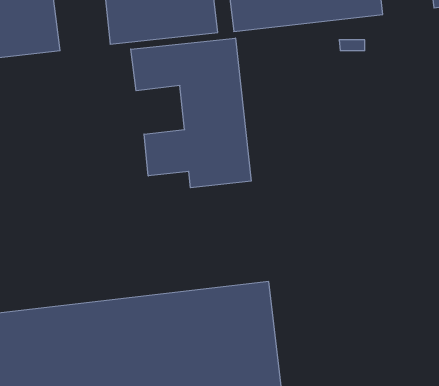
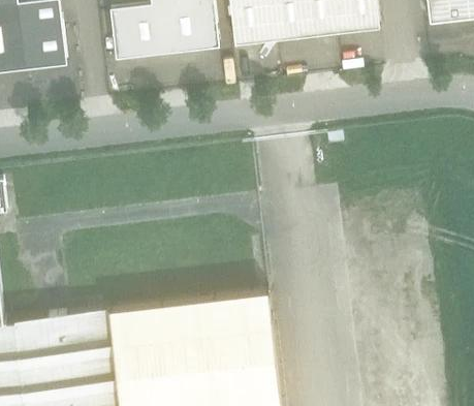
building: [131,38,251,188] -> none

